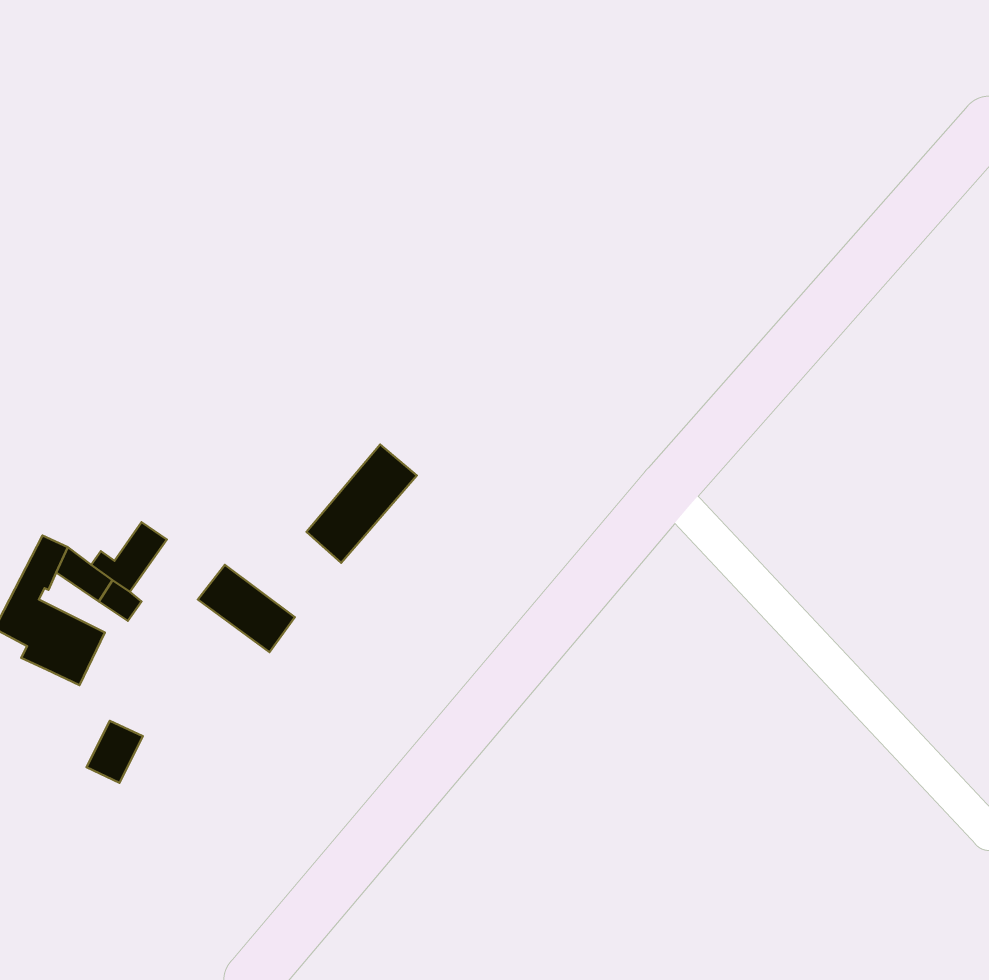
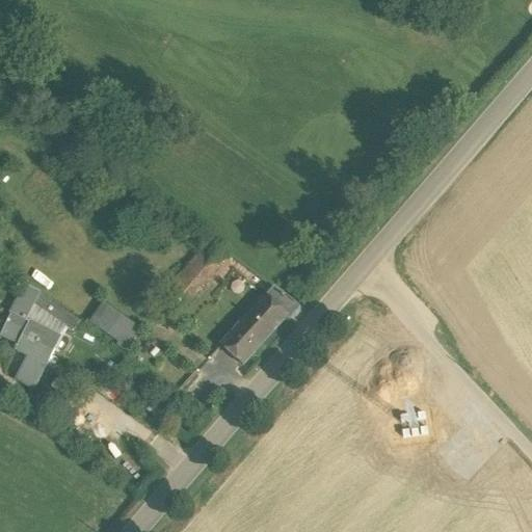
building: none -> [218,285,299,364]
building: [87,721,143,783] -> [12,358,43,392]

